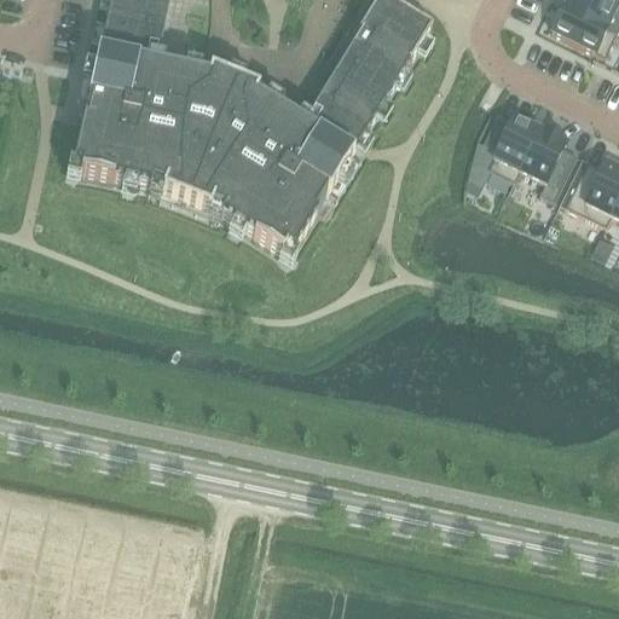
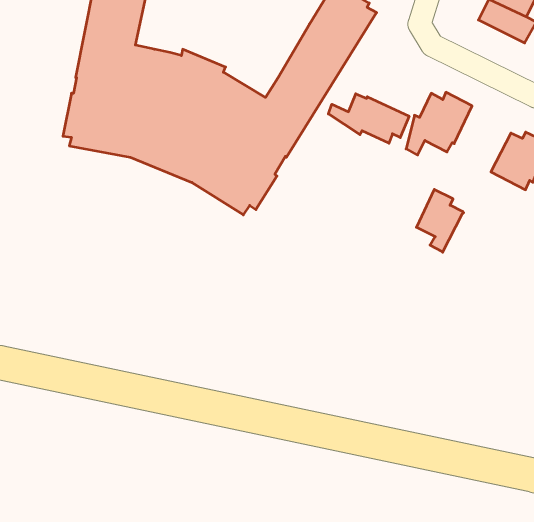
building: none -> [328,94,409,143]
building: [526,122,580,195] -> [416,189,464,252]

